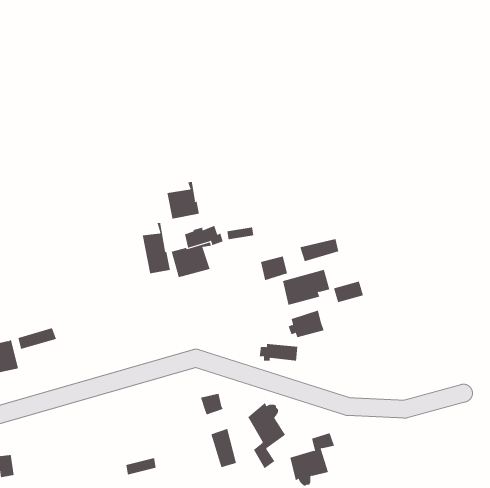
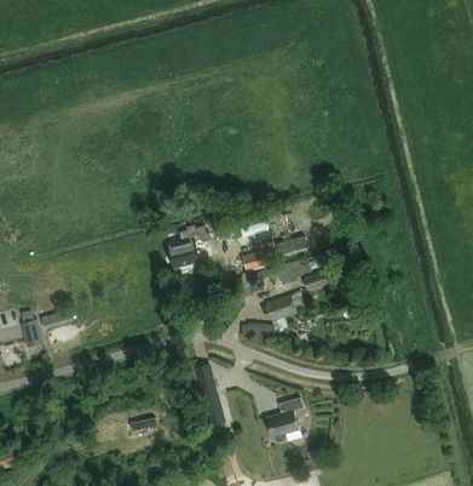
building: [167,181,199,219] -> none
building: [142,222,170,274] -> none
building: [247,402,286,469] -> none

